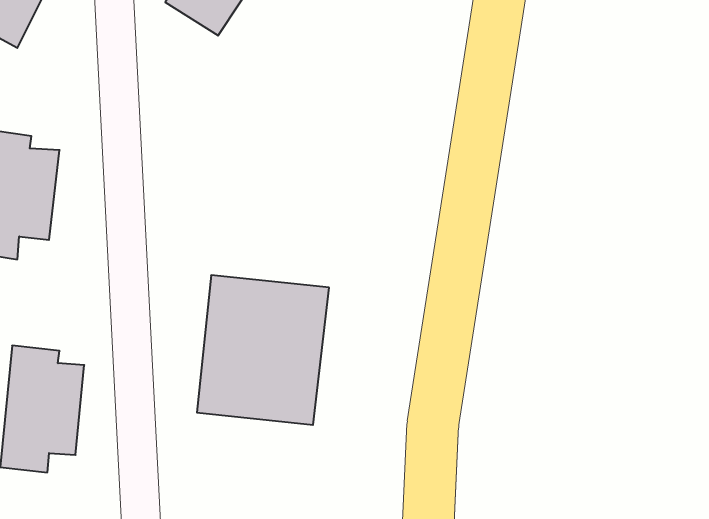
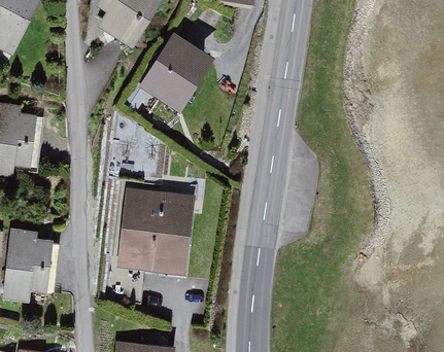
building: none -> [138,33,214,111]

